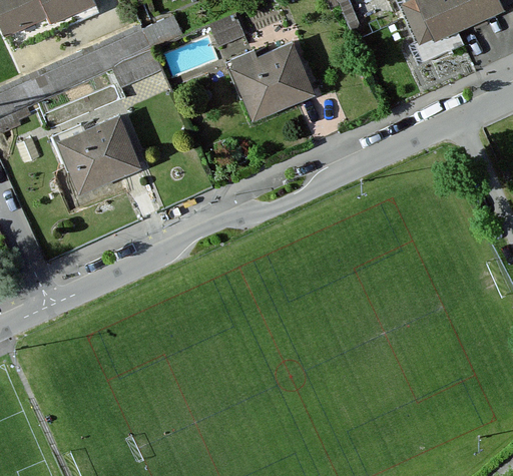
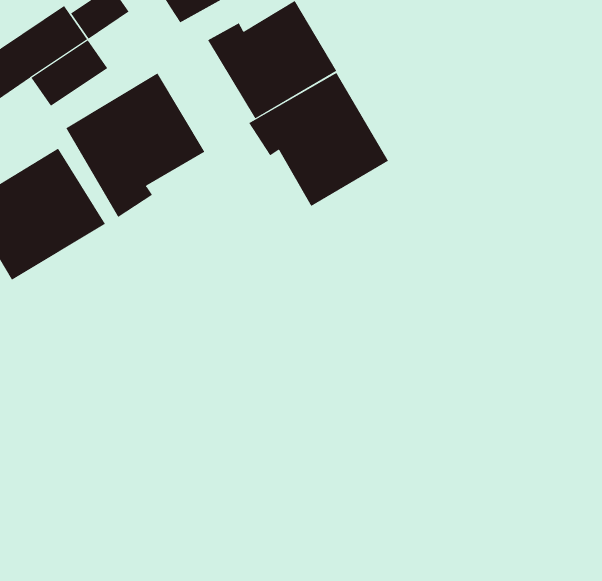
building: none -> [65,72,205,218]
building: none -> [249,72,389,207]

